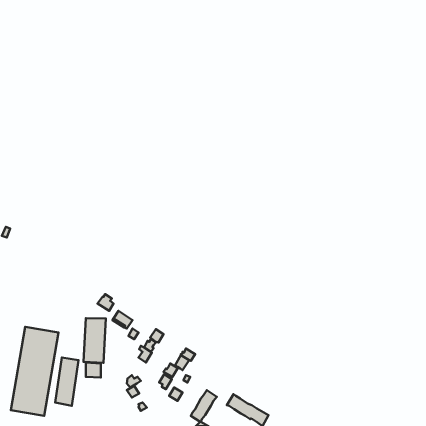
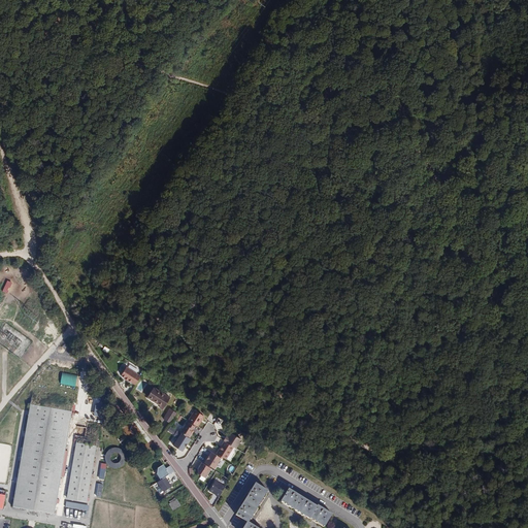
building: [83,318,106,363] -> none

